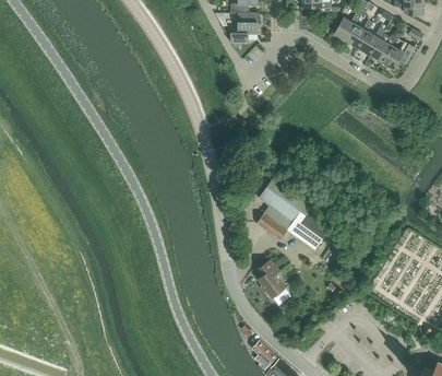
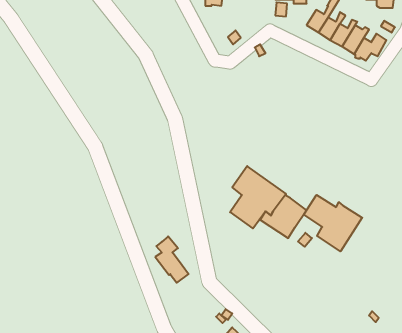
building: [230,12,258,42] -> none
building: none -> [304,195,362,251]
building: [258,258,291,305] -> [155,236,189,283]

